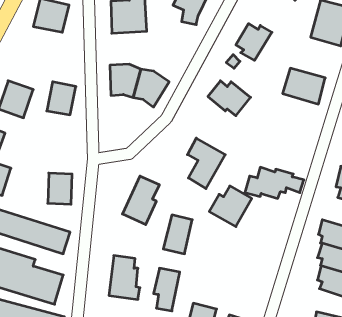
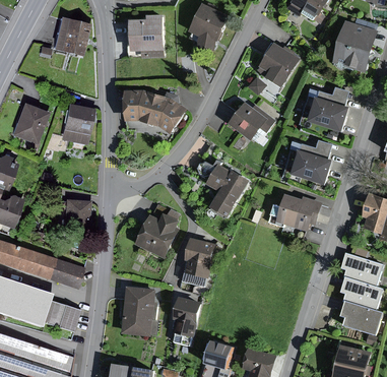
building: none -> [289,145,333,184]
building: [209,186,252,227] -> none

